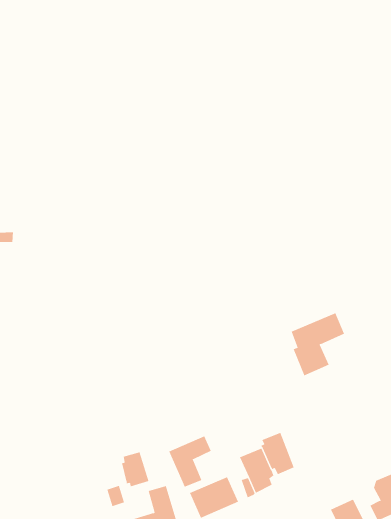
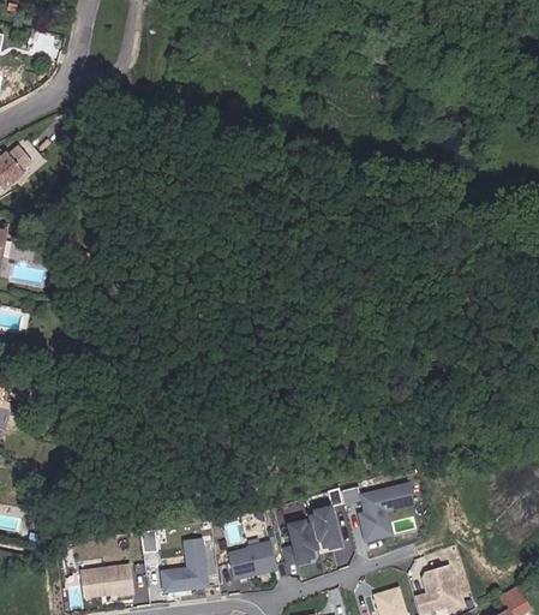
building: [291,313,345,376] -> [358,480,415,542]
building: [169,435,212,488] -> none
building: [122,452,149,487] -> none

